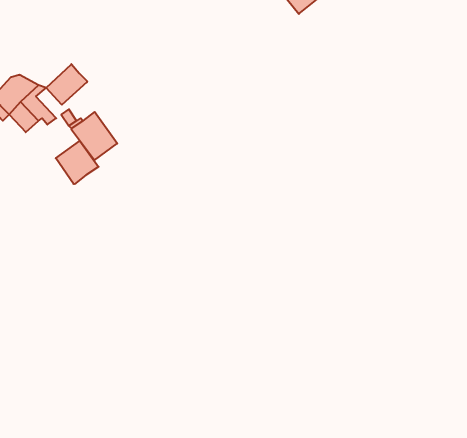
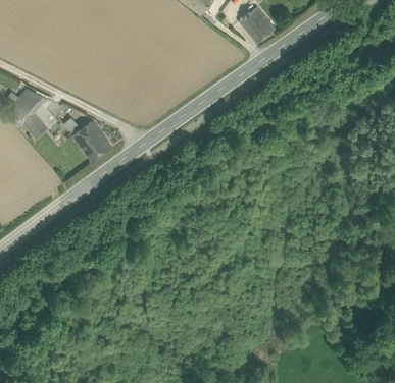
building: [46,64,87,105] -> none
building: [56,141,99,184] -> none

